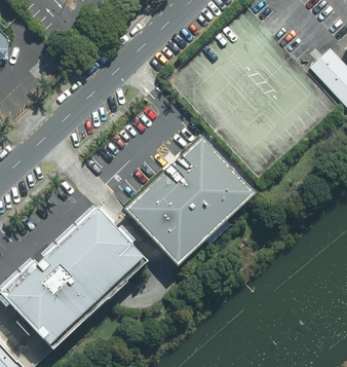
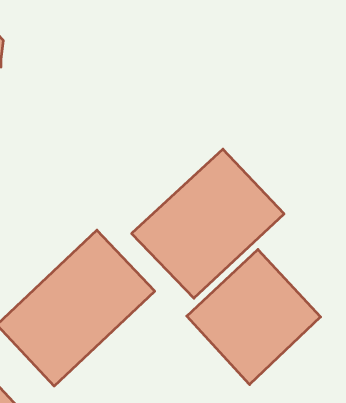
building: none -> [187,249,321,385]

